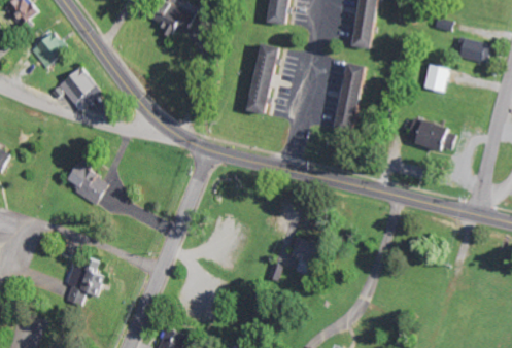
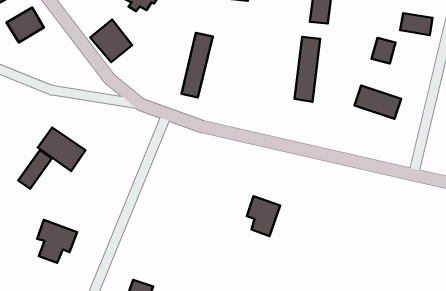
building: [246,44,280,114] -> [181,33,213,98]
building: [53,66,98,112] -> [90,19,132,62]
building: none -> [18,150,52,189]

